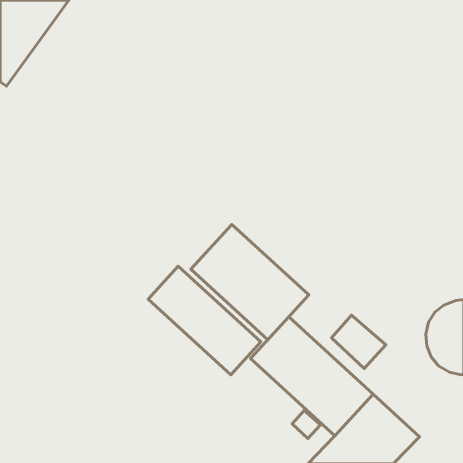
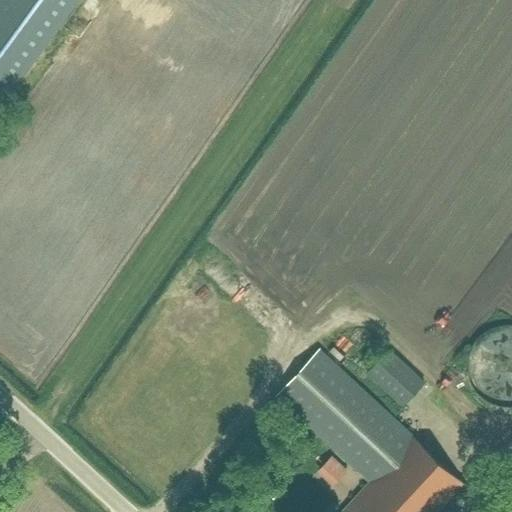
building: [191,224,309,340] -> none
building: [148,266,261,375] -> none

